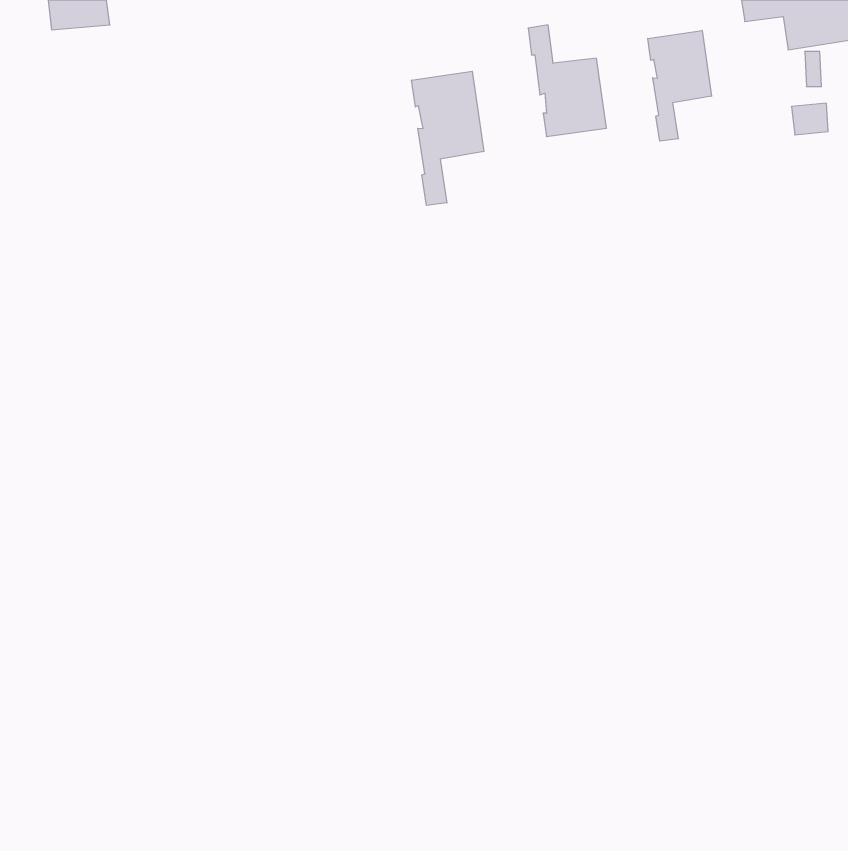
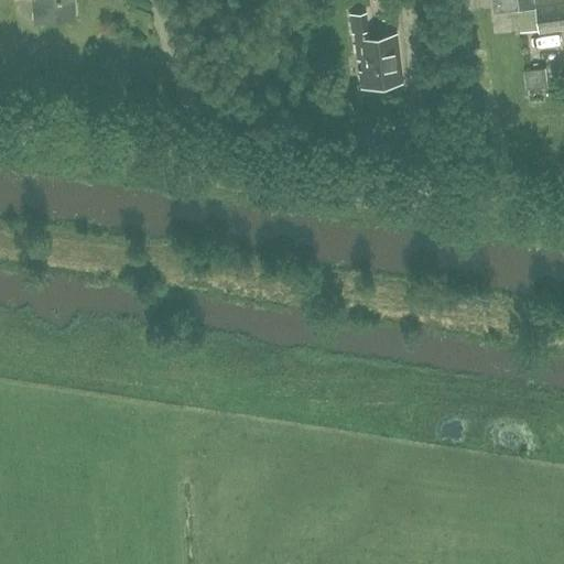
building: [648,30,712,141] -> none
building: [412,71,484,205] -> none

